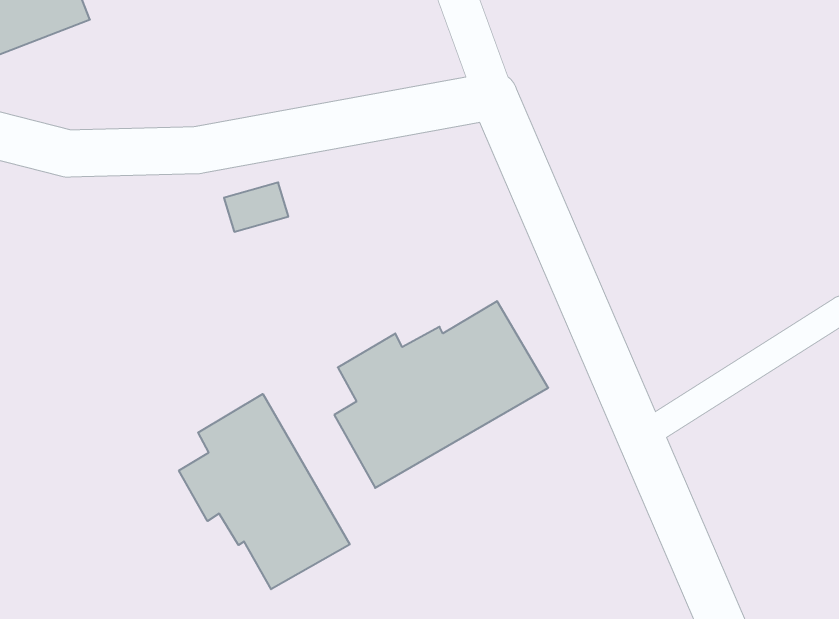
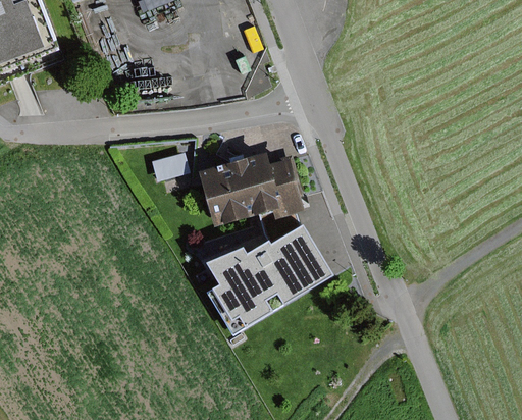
building: none -> [184,150,293,225]
building: [179,394,350,589] -> none

